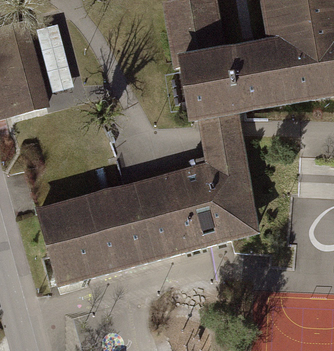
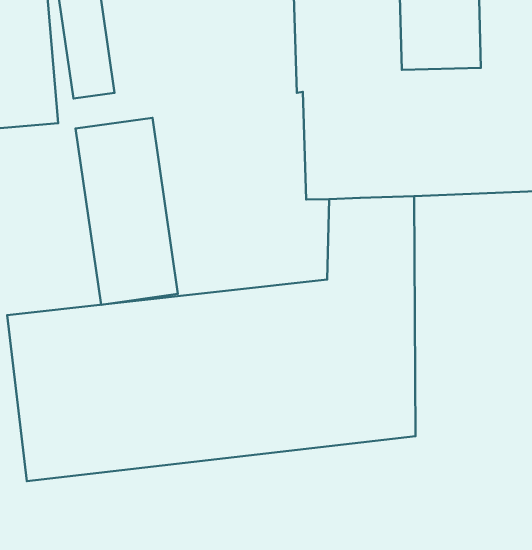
building: none -> [76,118,178,305]

